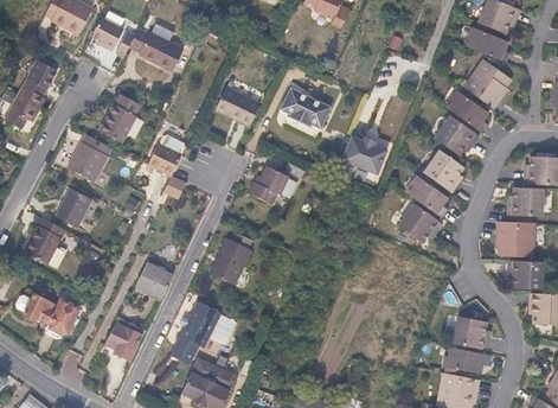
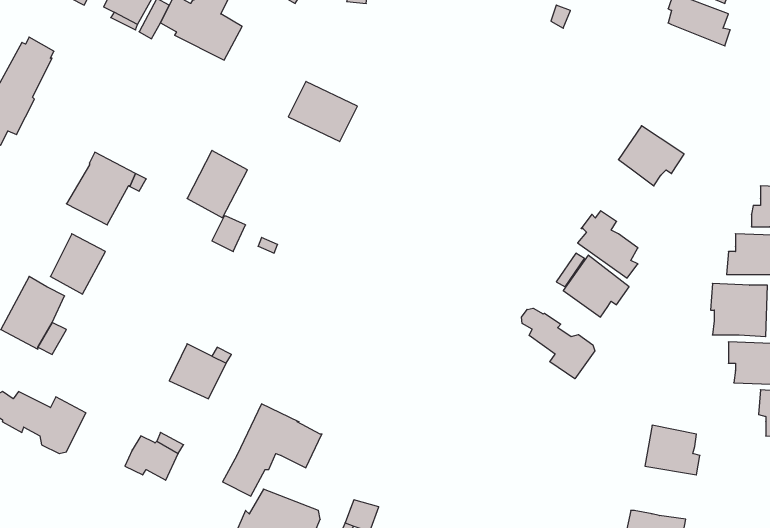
building: [463,58,512,108] -> none
building: [281,87,331,128] -> none
building: [448,89,488,132] -> none
building: [98,93,142,142] -> none
building: [341,135,386,173] -> none
building: [423,149,463,192] -> none
building: [248,165,297,204] -> none
building: [210,231,252,285] -> none
building: none -> [522,308,595,379]
building: [443,346,489,375] -> none

